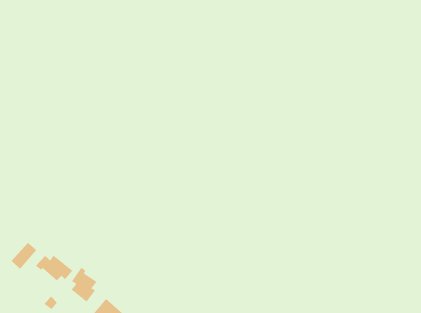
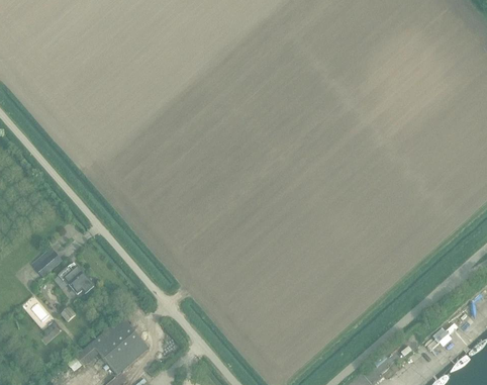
building: [71,267,97,302] -> none

